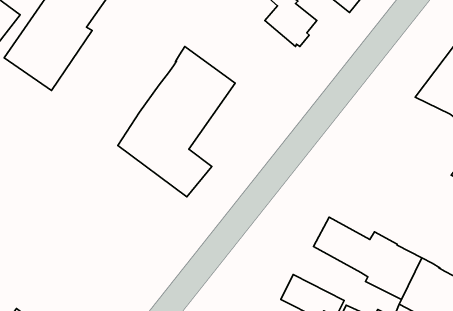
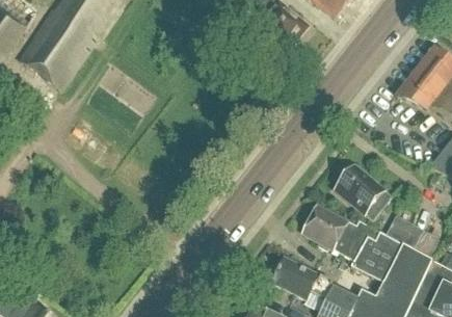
building: [118,46,235,197] -> none
building: none -> [334,162,391,217]
building: none -> [379,215,422,245]

